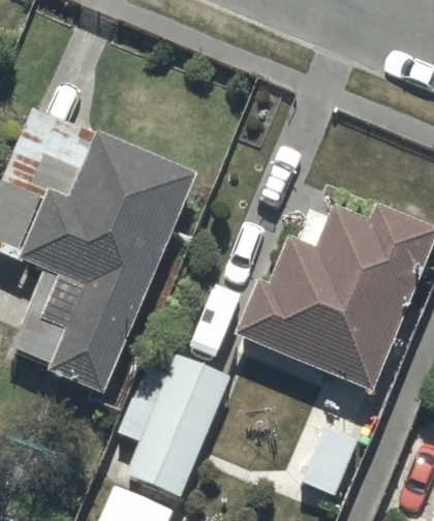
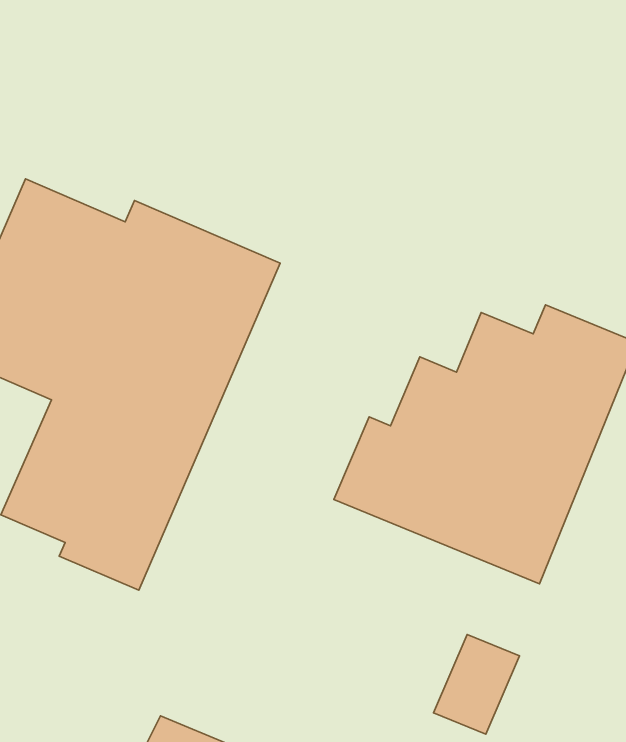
building: [117,353,230,495] -> none

